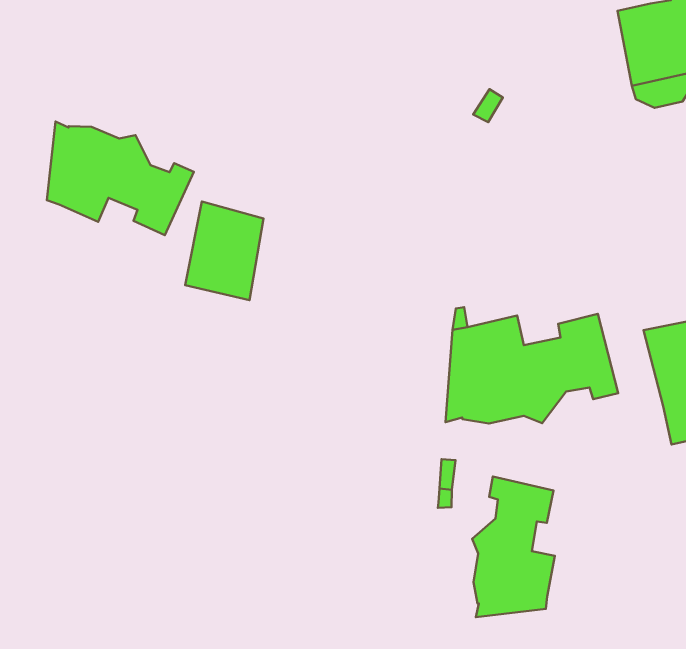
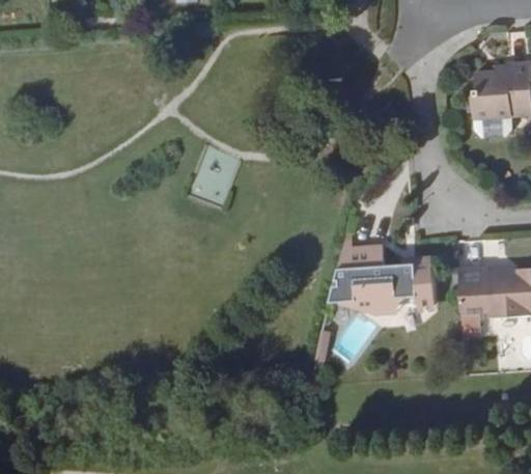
building: [47,121,194,235] -> none
building: [472,476,555,617] -> none

